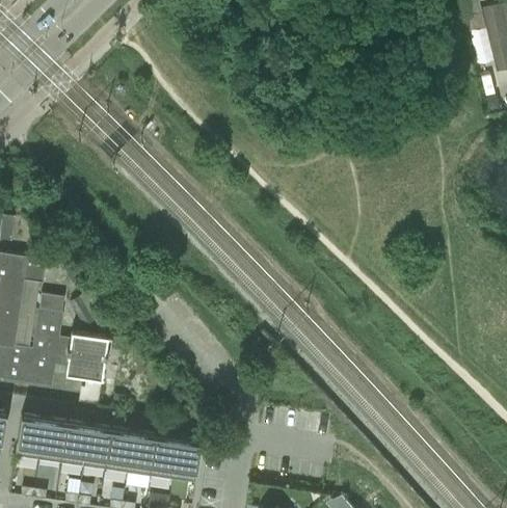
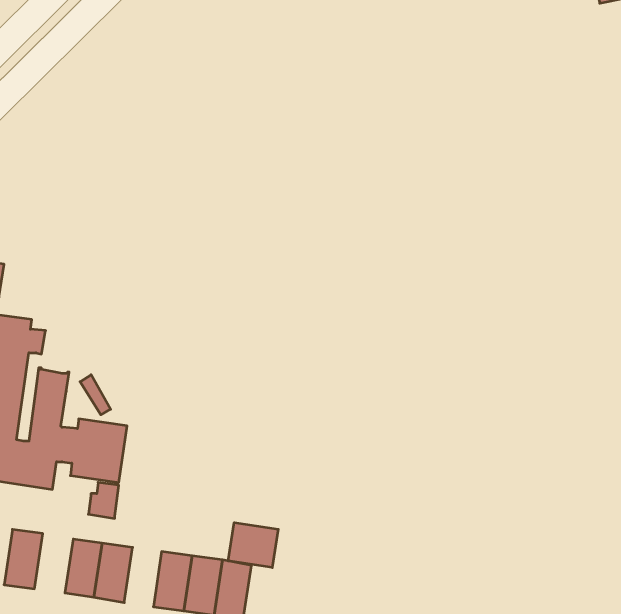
building: none -> [228,523,278,568]
building: [36,421,65,465] -> none
building: [104,431,132,476] -> none

